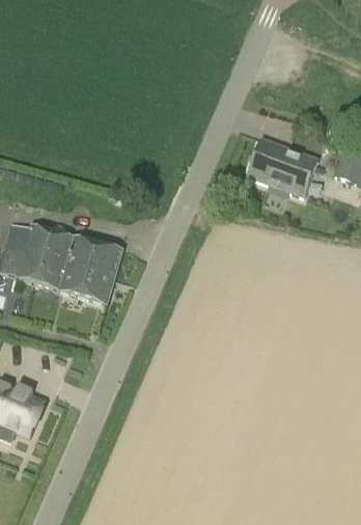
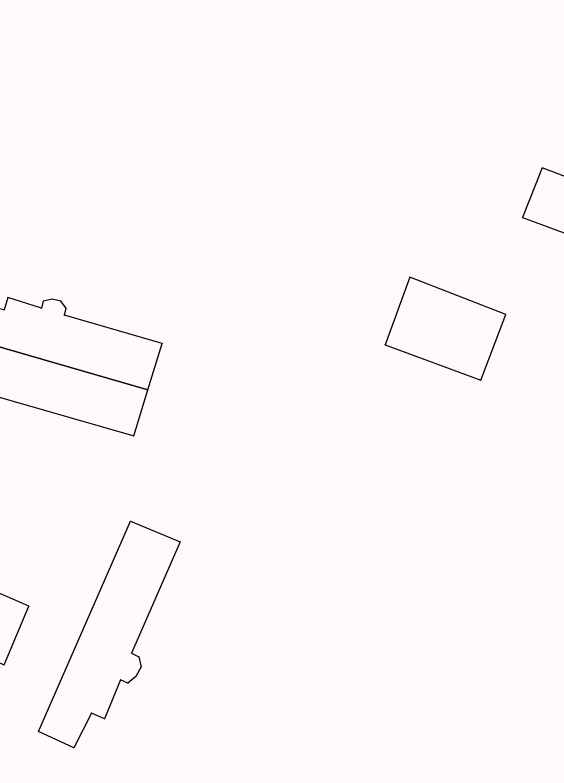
building: [247,137,317,197] -> [385,277,506,380]
building: none -> [39,521,180,748]

